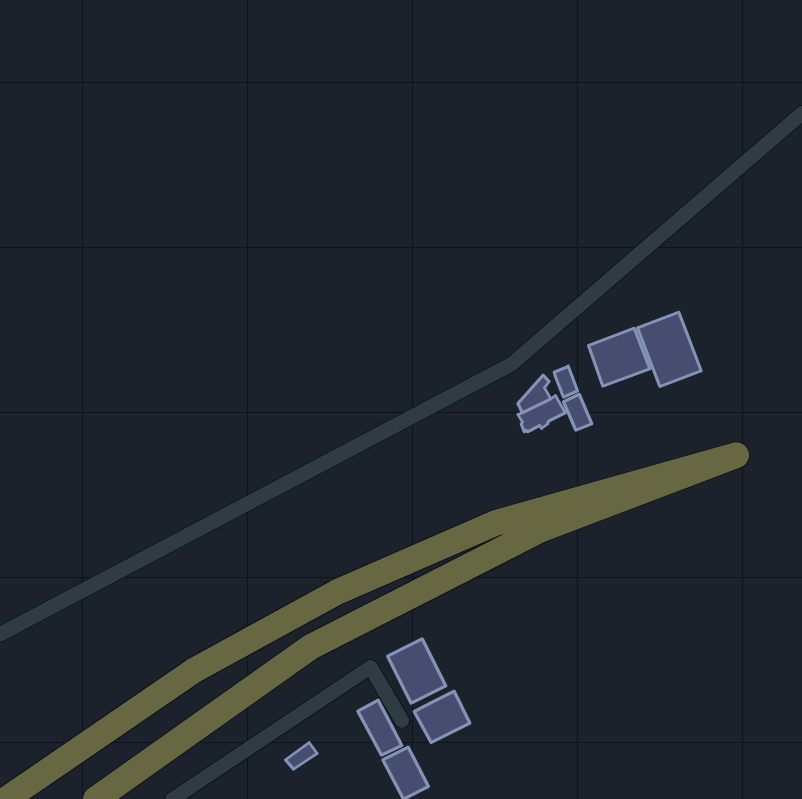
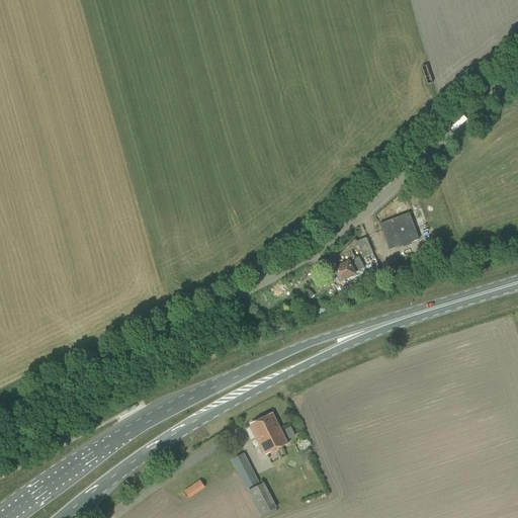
building: [638,312,701,386] -> none
building: [414,691,470,743] -> none

